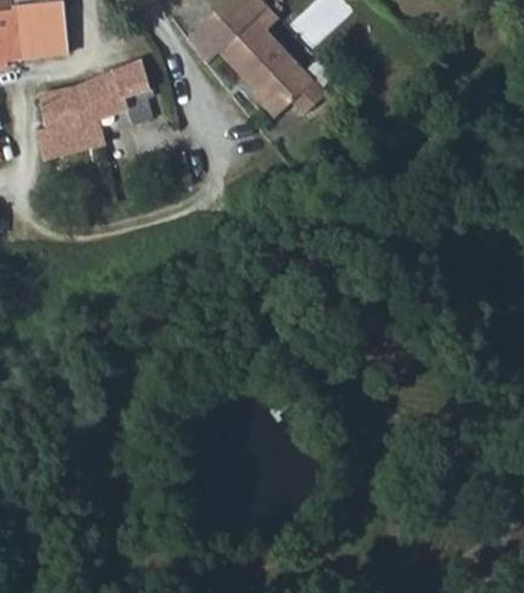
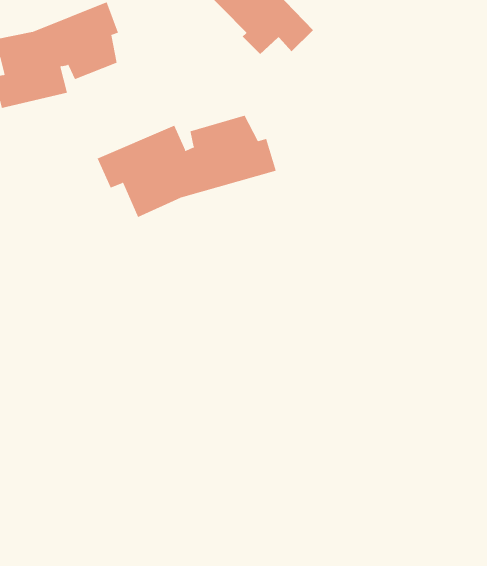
building: none -> [97,115,276,218]

